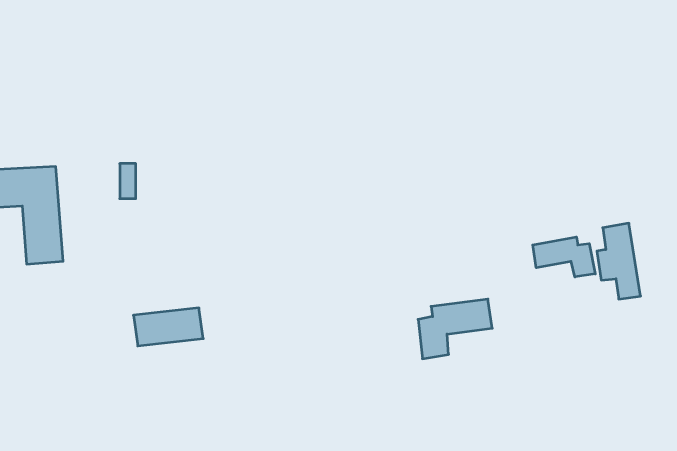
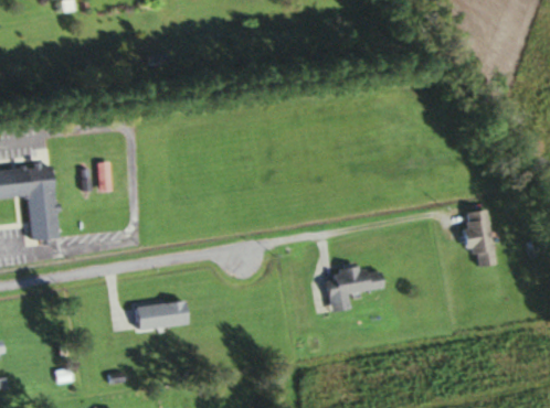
building: [533,237,595,277] -> none
building: [133,308,203,346] -> [136,302,189,331]

